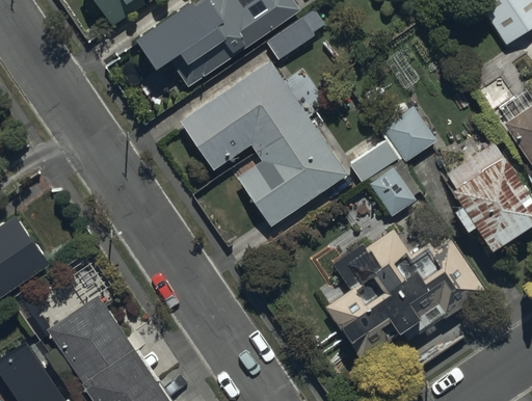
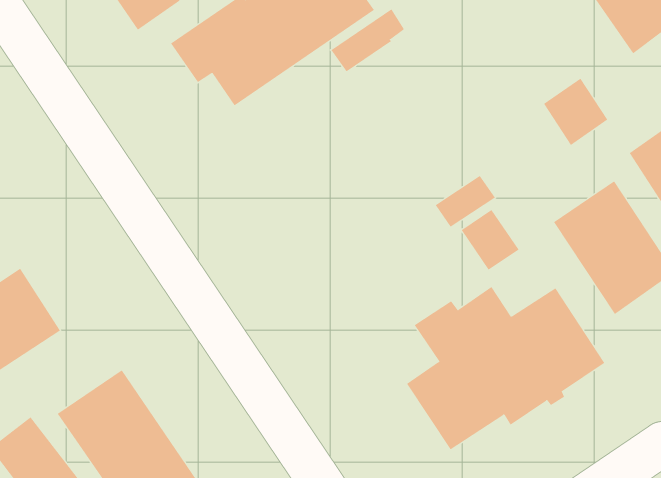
building: [180,60,347,225] -> none
building: [383,106,435,160] -> [543,78,608,146]

